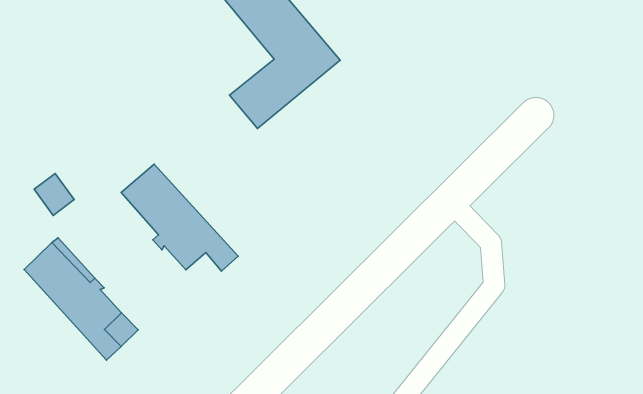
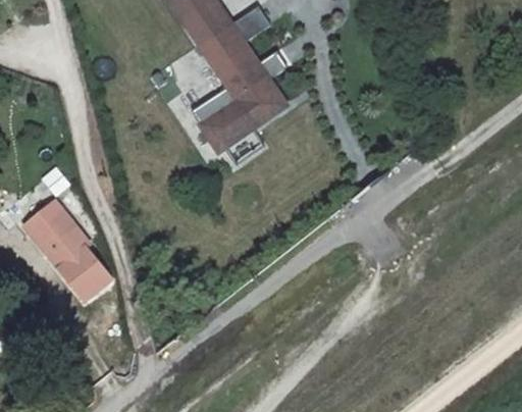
building: [121,164,238,271] -> none

